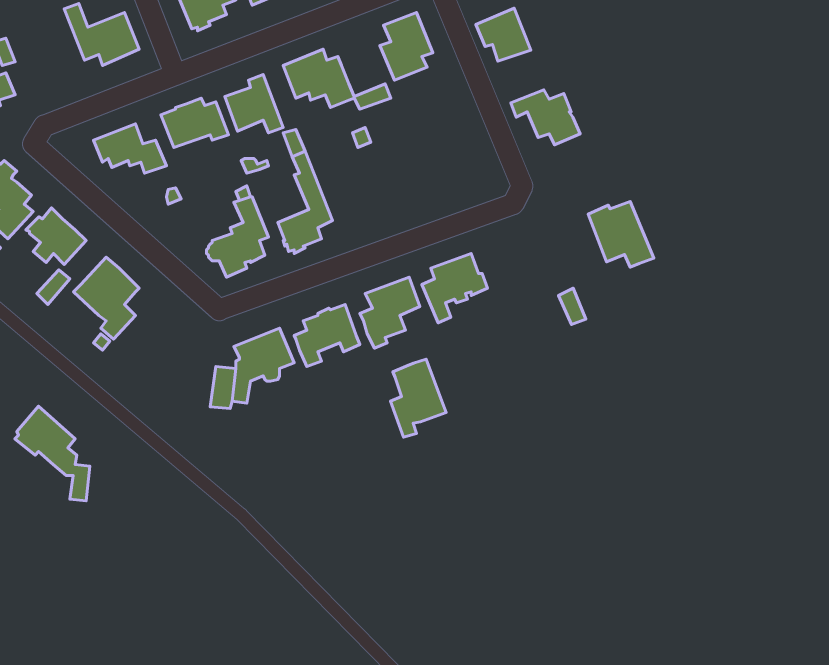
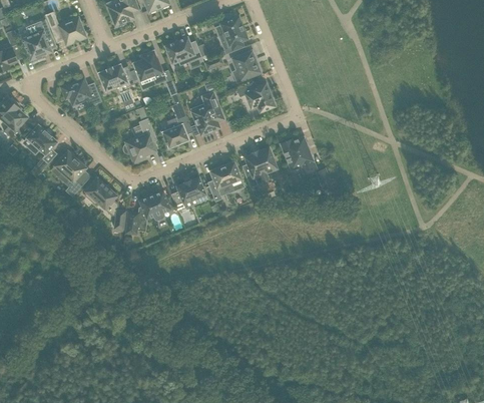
building: [476,8,531,61] -> [230,49,261,78]
building: none -> [22,19,51,60]
building: [511,90,580,145] -> [235,81,274,111]
building: none -> [190,90,223,136]
building: [588,201,654,267] -> [280,136,316,172]
building: [390,359,446,437] -> none
building: [15,406,90,501] -> [83,176,124,229]

